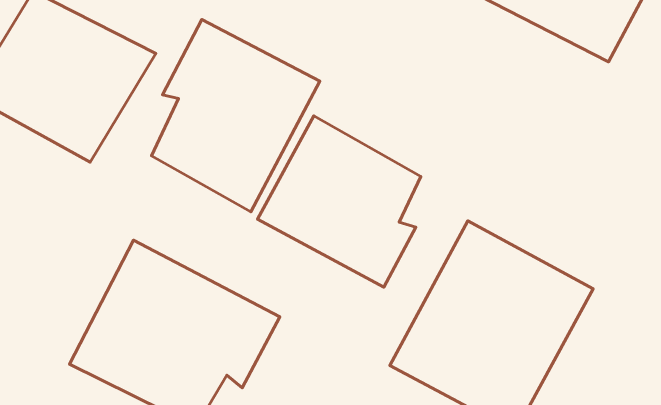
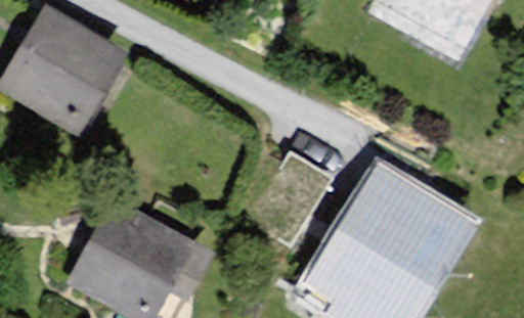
building: [151,20,320,212] -> none
building: [258,116,421,287] -> none

